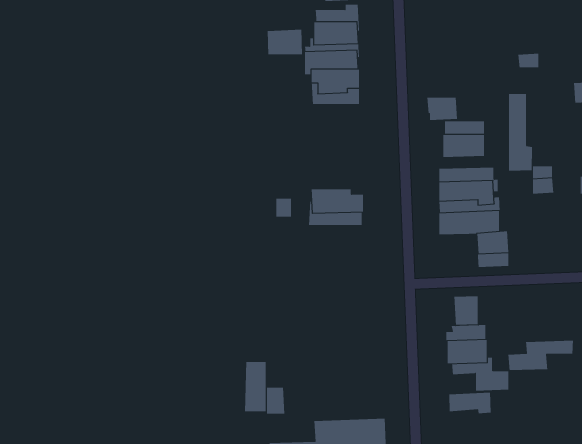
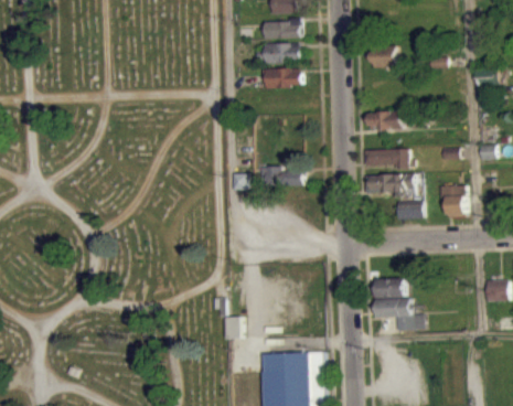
building: [267,29,302,55] -> none
building: [509,93,532,172] -> none
building: [427,97,458,120] -> [371,46,396,65]
building: none -> [438,183,464,216]
building: [454,295,478,326] -> none
building: [508,340,573,371] -> none
building: [245,361,266,412] -> none
building: [449,392,491,414] -> none

